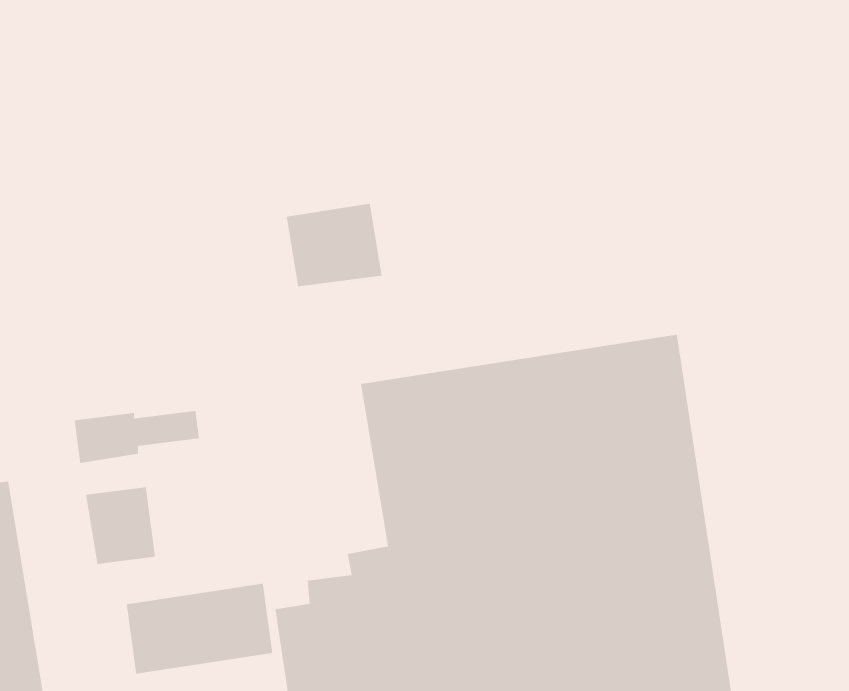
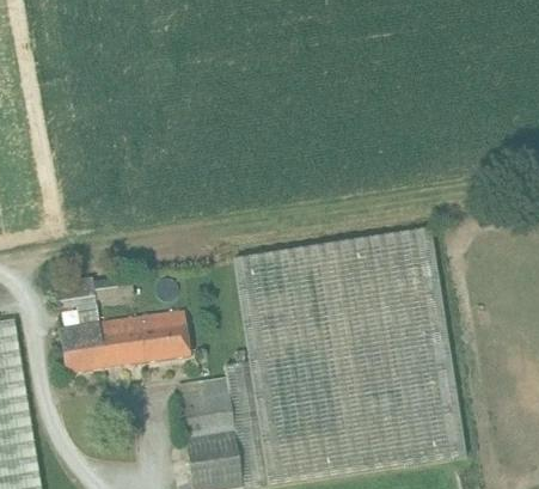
building: [286,203,383,287] -> none
building: [126,583,273,675] -> [98,308,190,366]

